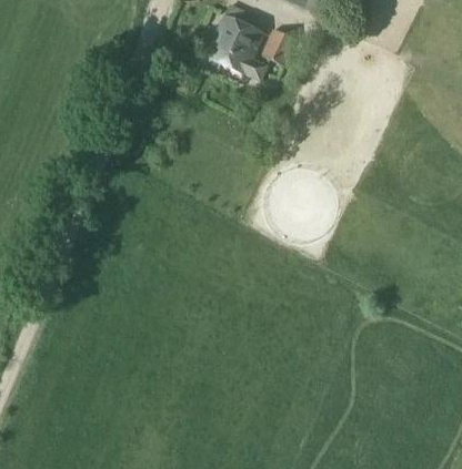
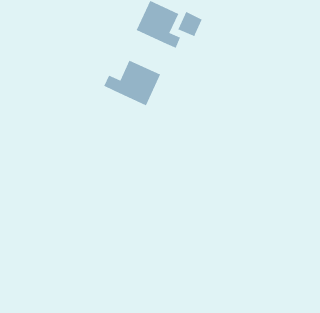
building: none -> [104,60,161,106]

